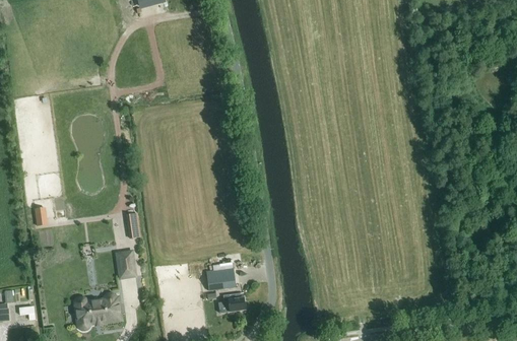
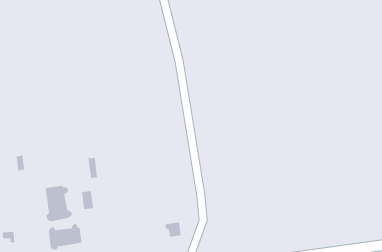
building: none -> [45,185,72,222]
building: [206,267,236,289] -> none

